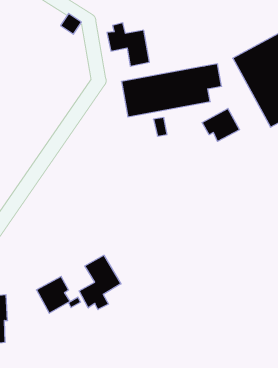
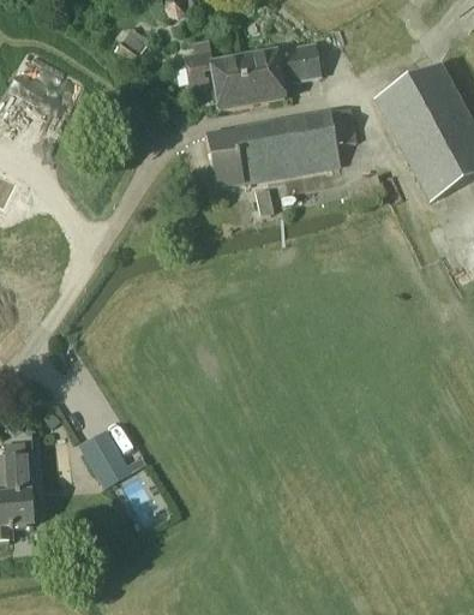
building: none -> [240,43,319,105]
building: [202,108,240,141] -> none
building: [79,255,121,310] -> none

